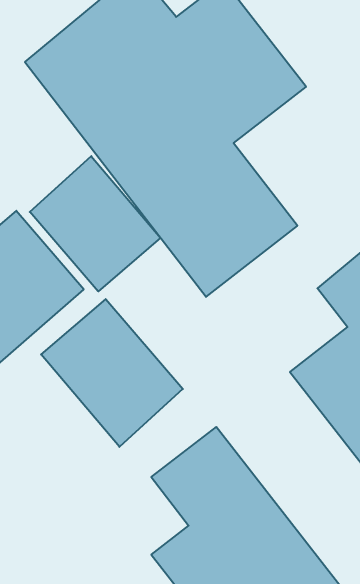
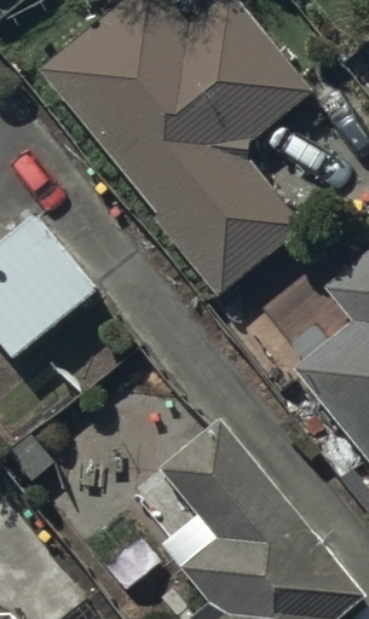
building: [30,156,161,291] -> none
building: [41,299,183,447] -> none

